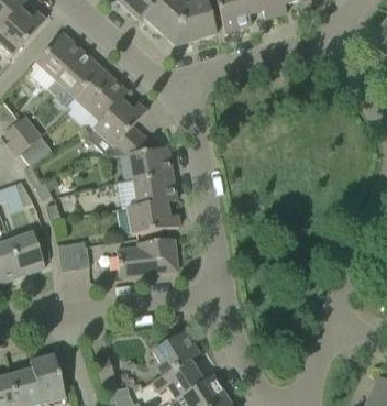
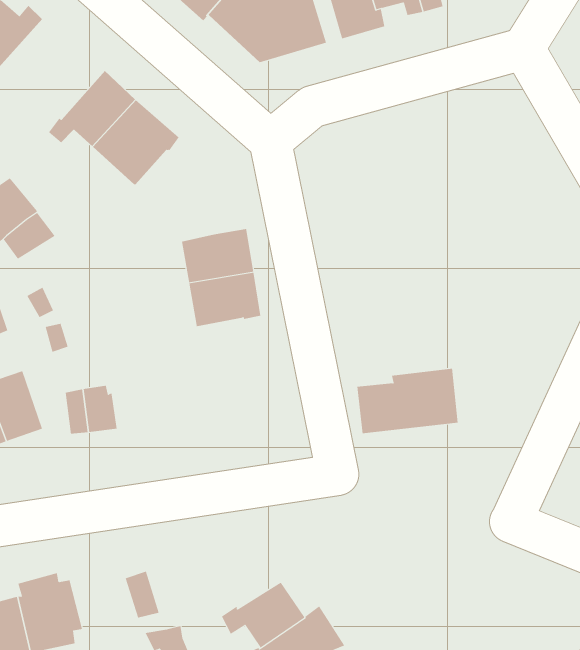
building: [34,32,81,80] -> none
building: [85,99,147,156] -> none
building: [126,200,178,234] -> none
building: [115,238,177,277] -> [357,368,458,434]
building: [152,330,198,376] -> none

